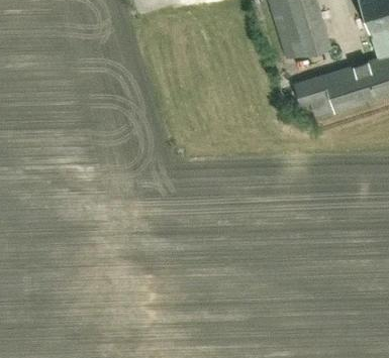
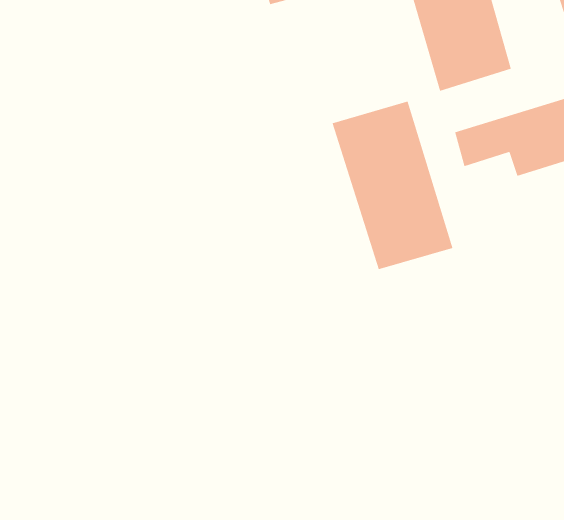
building: none -> [331,100,454,270]

